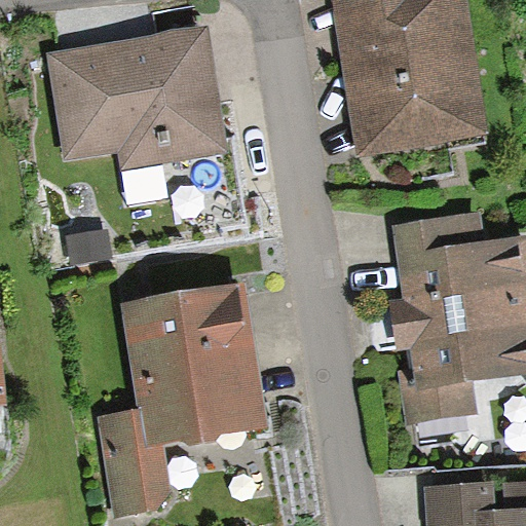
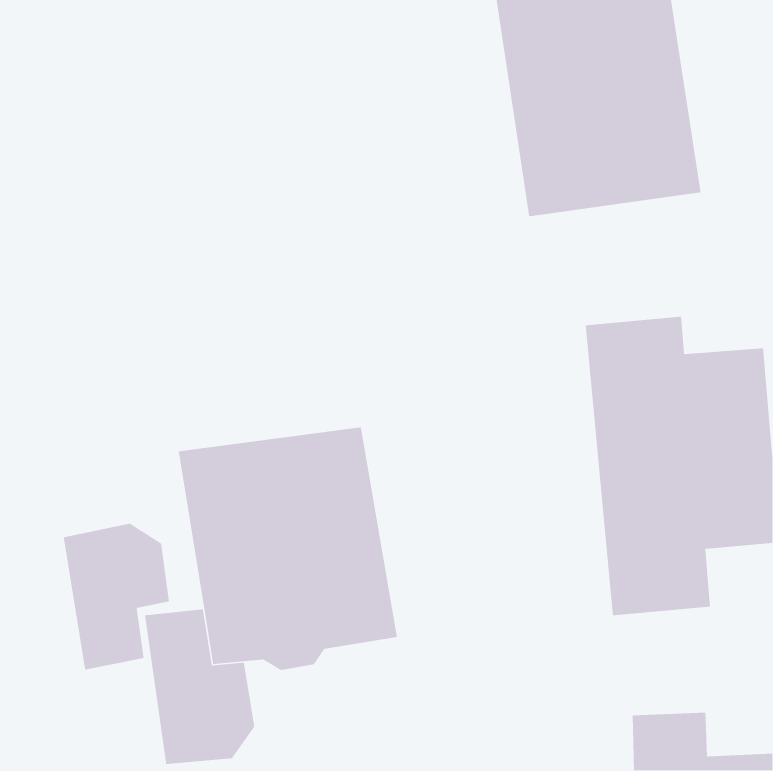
building: [55,40,209,173] -> none
building: none -> [63,523,170,670]

